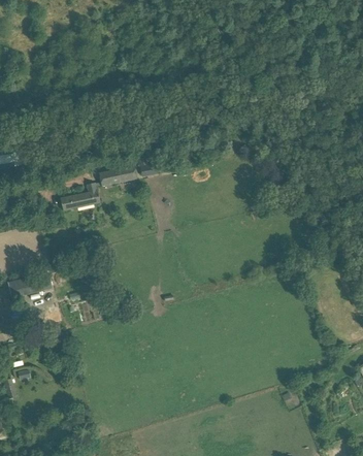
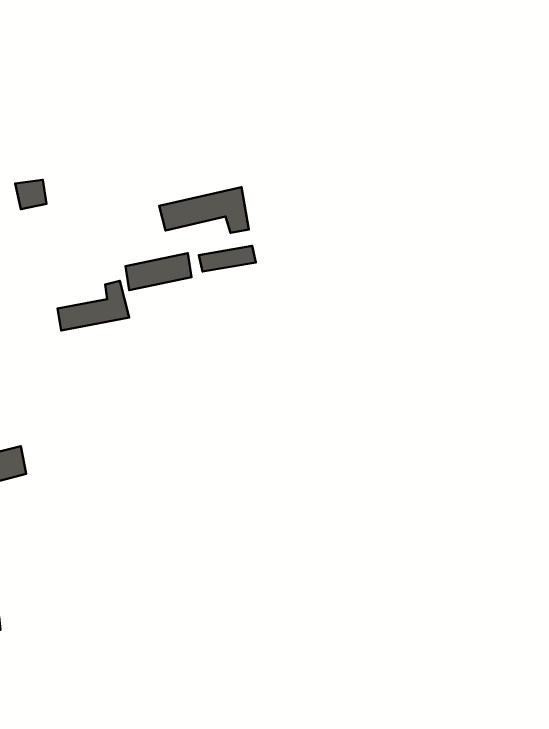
building: none -> [159,187,249,233]

